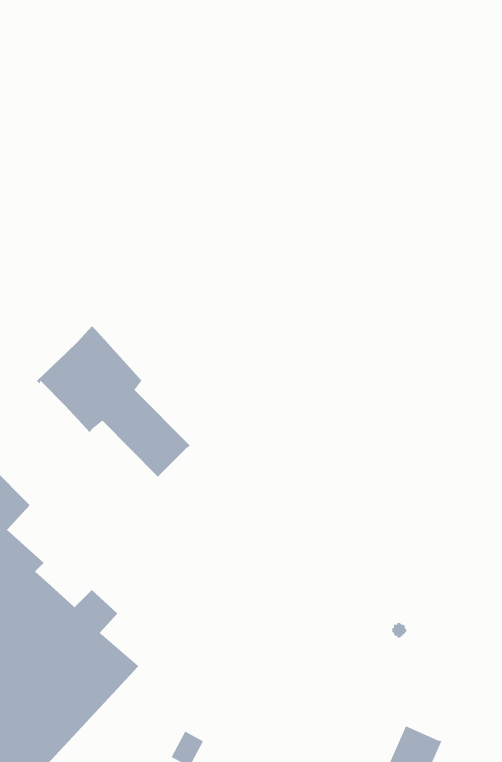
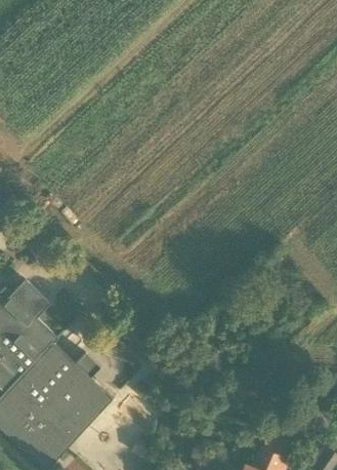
building: [36,325,191,477] -> none

